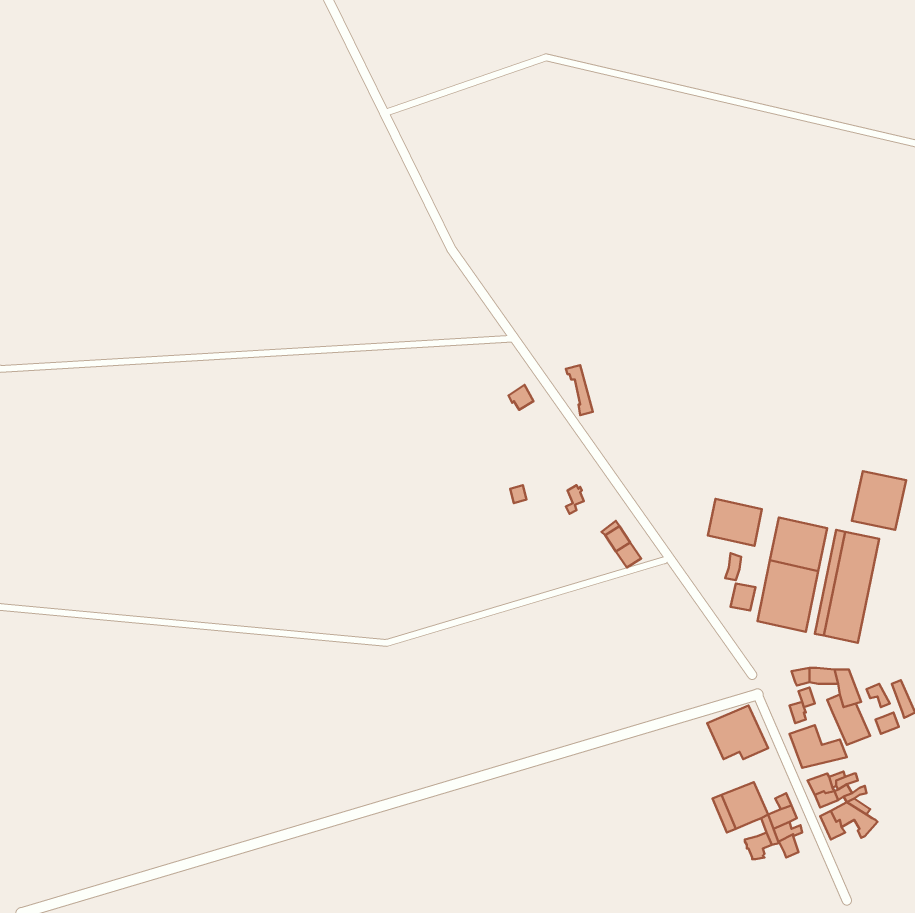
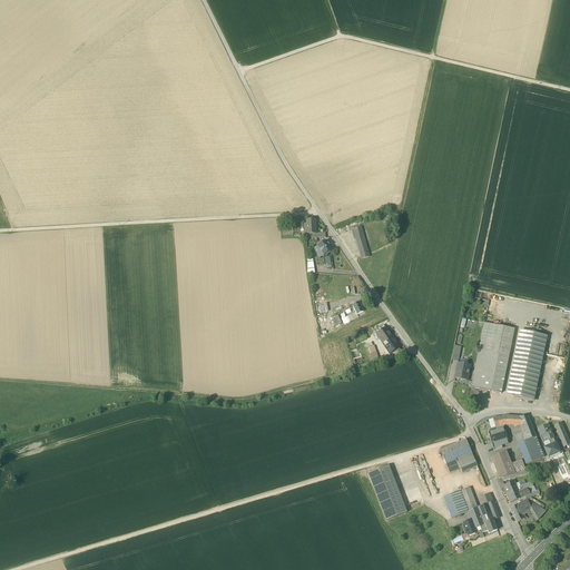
building: [852,471,906,530] -> none
building: [708,499,762,546] -> none
building: none -> [367,465,406,520]

